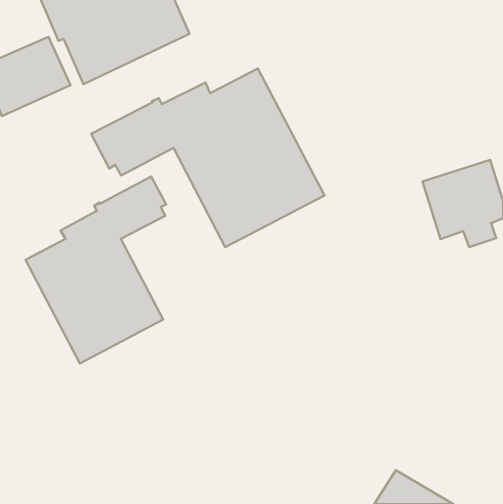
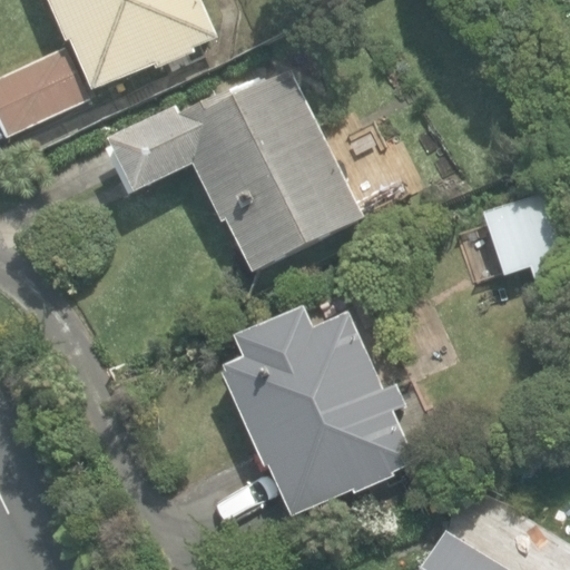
building: [26,176,166,364] -> none
building: none -> [224,305,414,513]

